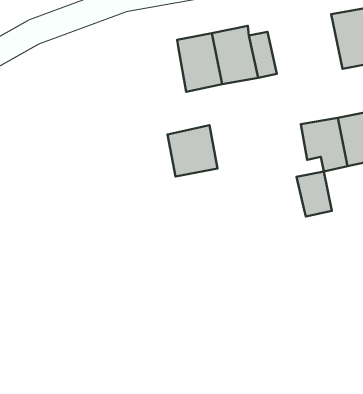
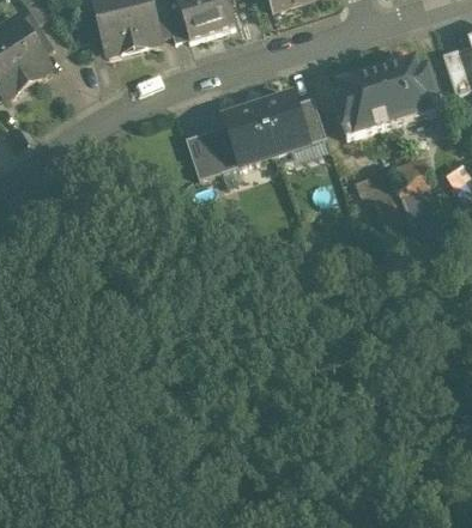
building: none -> [334,69,393,133]
building: [167,125,217,176] -> [187,122,241,177]
building: [297,172,332,216] -> none

